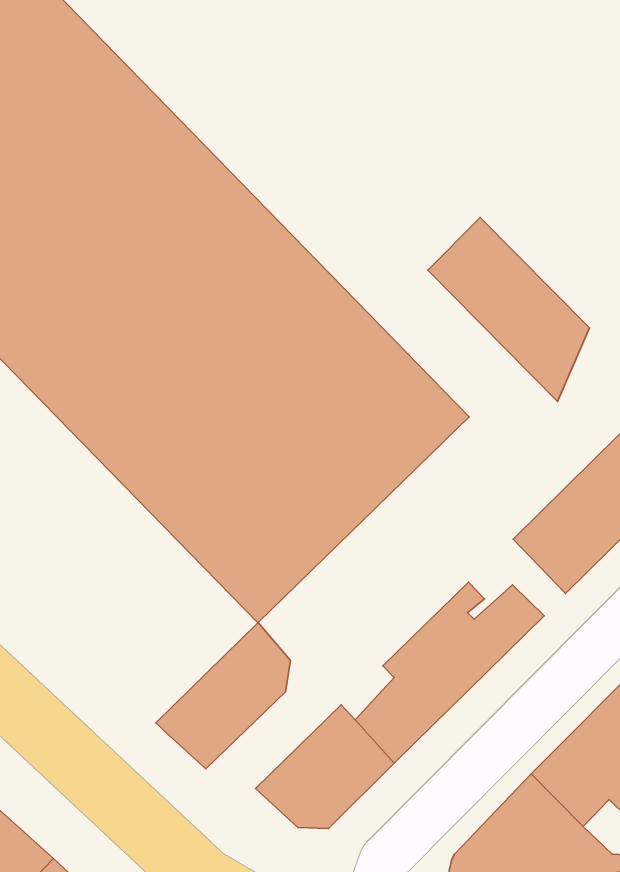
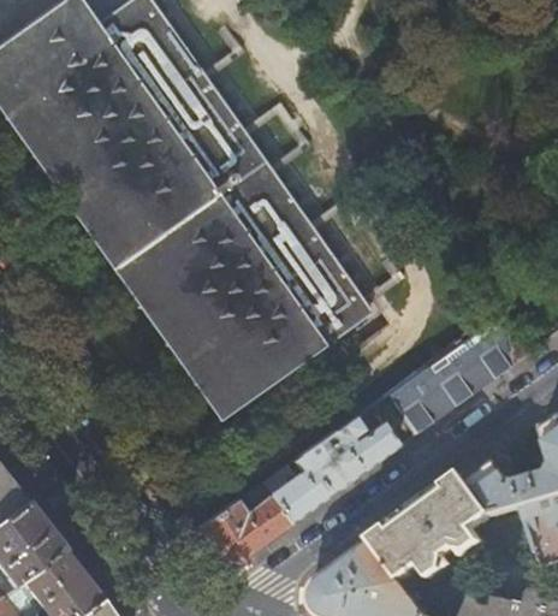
building: [428,217,590,401] -> none
building: [156,623,290,769] -> none

